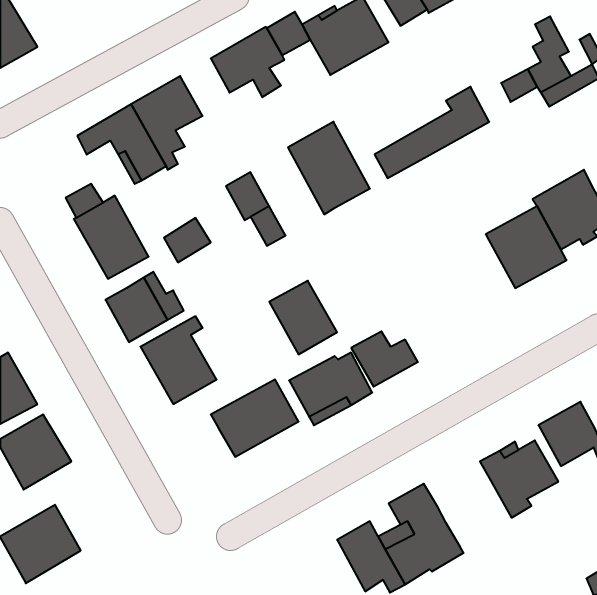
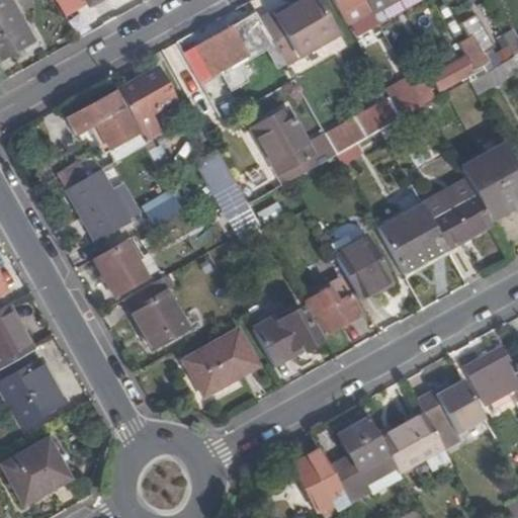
building: none -> [377,204,446,273]
building: [269,281,337,354] -> [333,235,392,298]
building: none -> [379,413,443,472]

